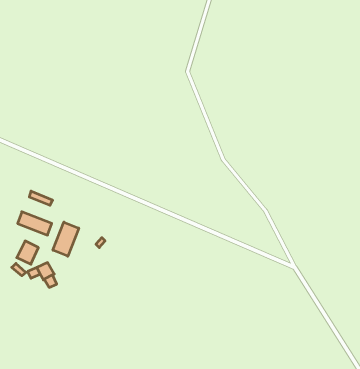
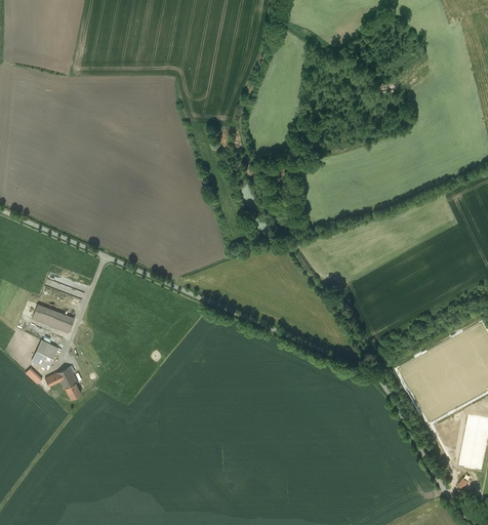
building: [53,222,79,256] -> none

